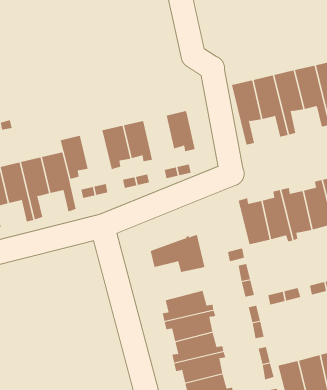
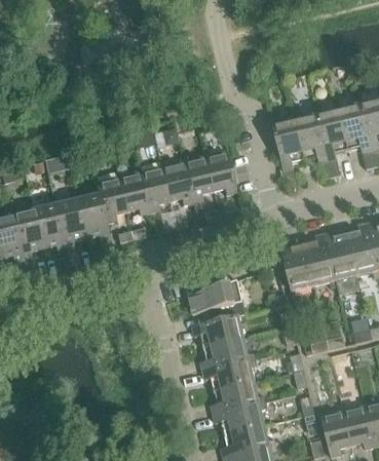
building: none -> [183,155,214,201]
building: none -> [117,170,149,214]
building: none -> [193,313,248,347]

